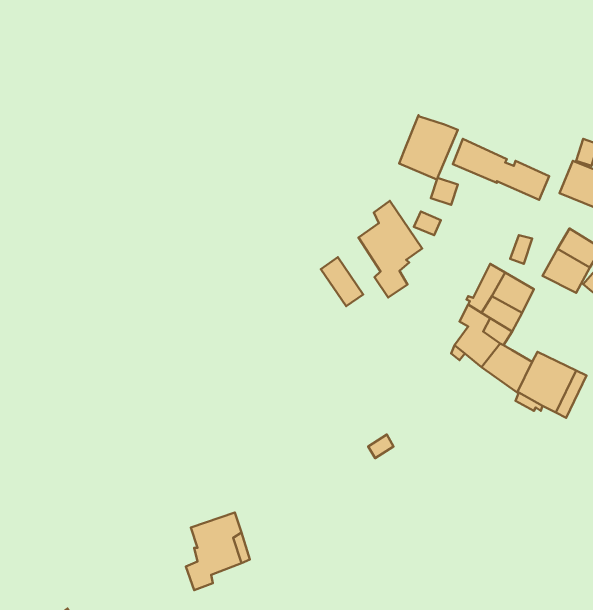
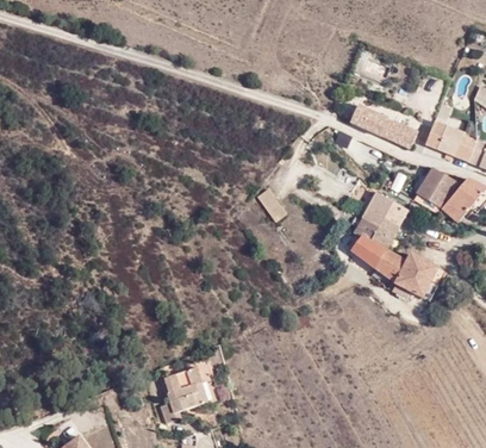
building: [399,115,458,179] -> none
building: [359,201,422,297] -> none

